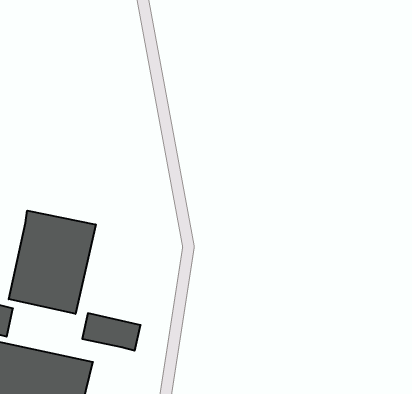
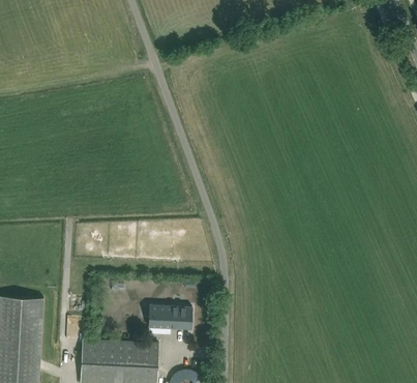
building: [9,211,96,314] -> none

